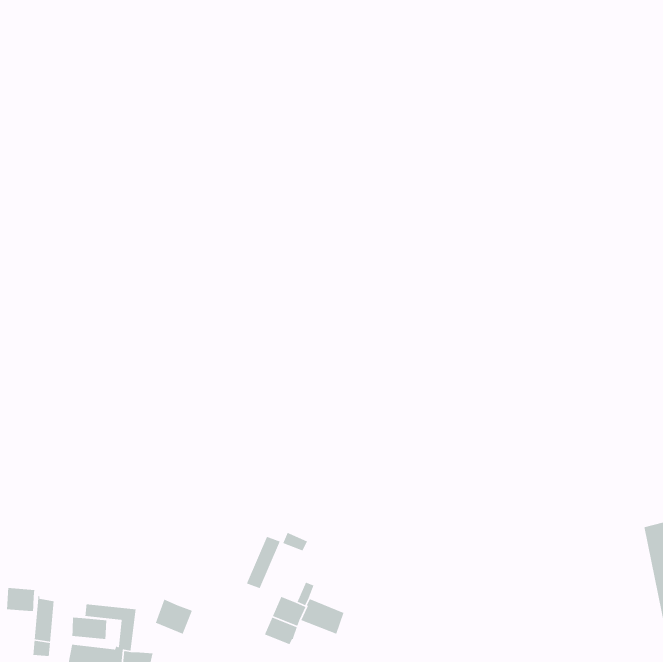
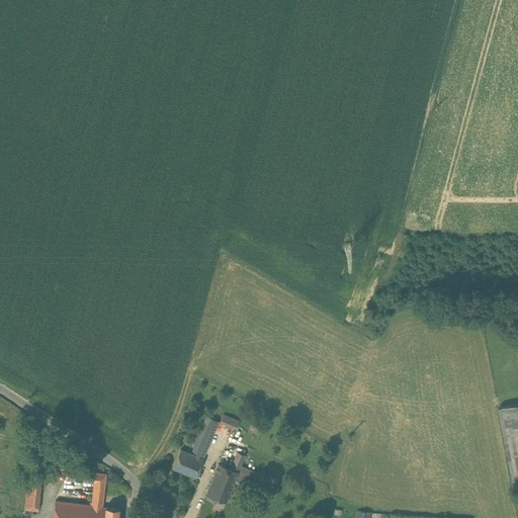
building: [6,587,35,613] -> none
building: [155,598,192,635] -> [174,451,203,480]
building: [71,616,107,640] -> none

